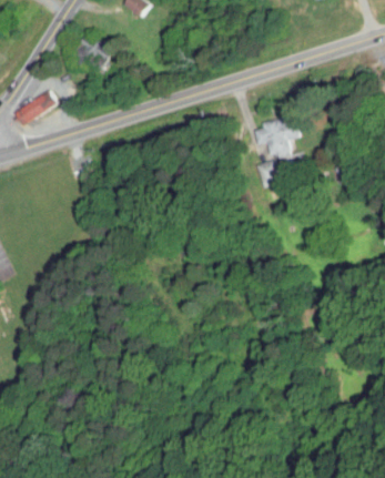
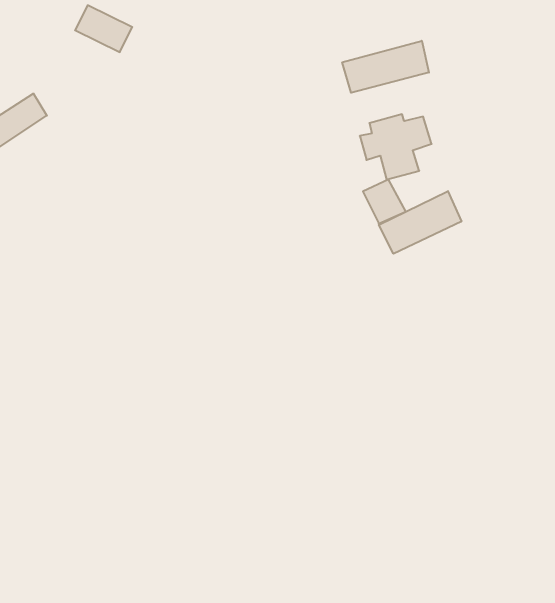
building: none -> [342,41,429,93]
building: none -> [379,191,461,254]

